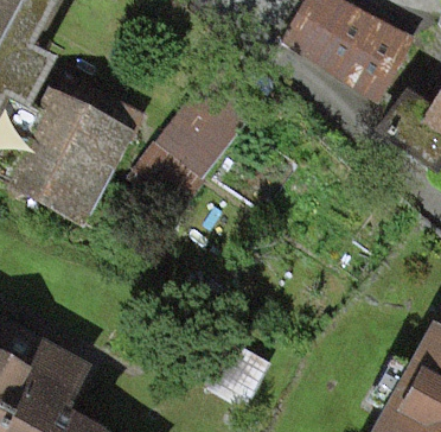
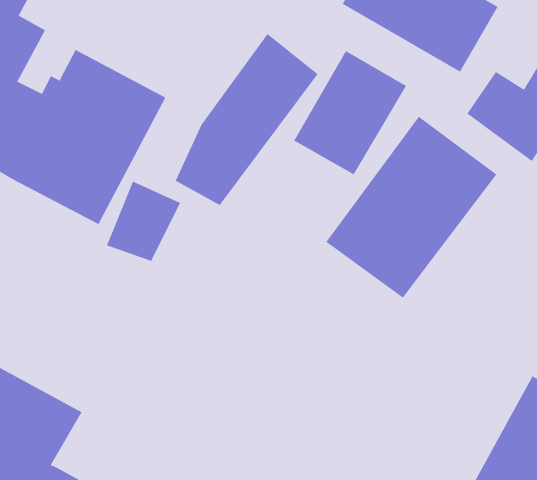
building: none -> [294,50,407,175]
building: none -> [325,116,497,299]

